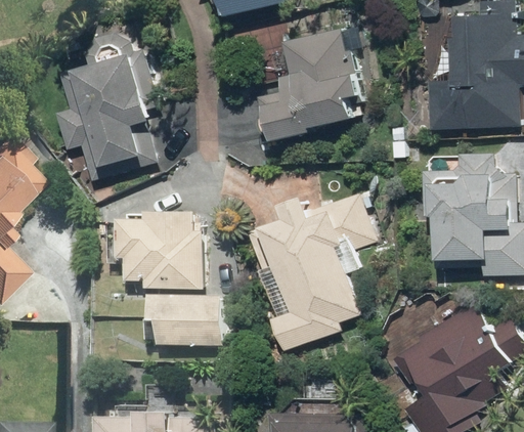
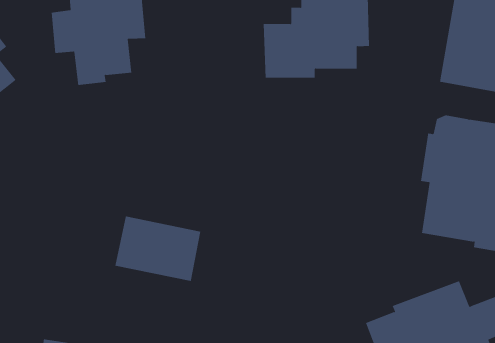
building: [255,191,378,350] -> none
building: [107,211,203,291] -> none

